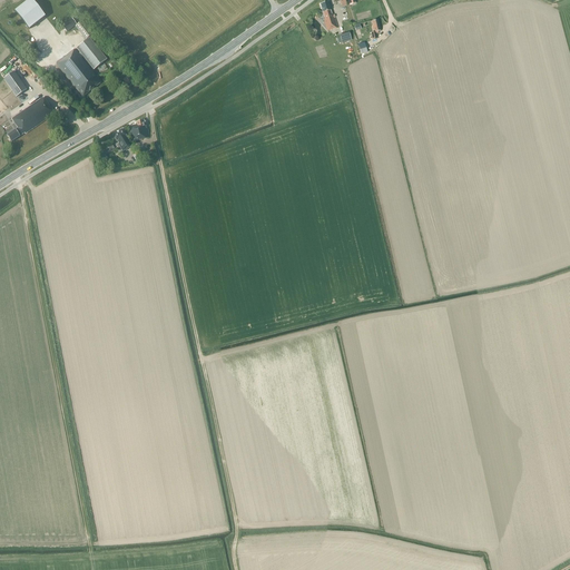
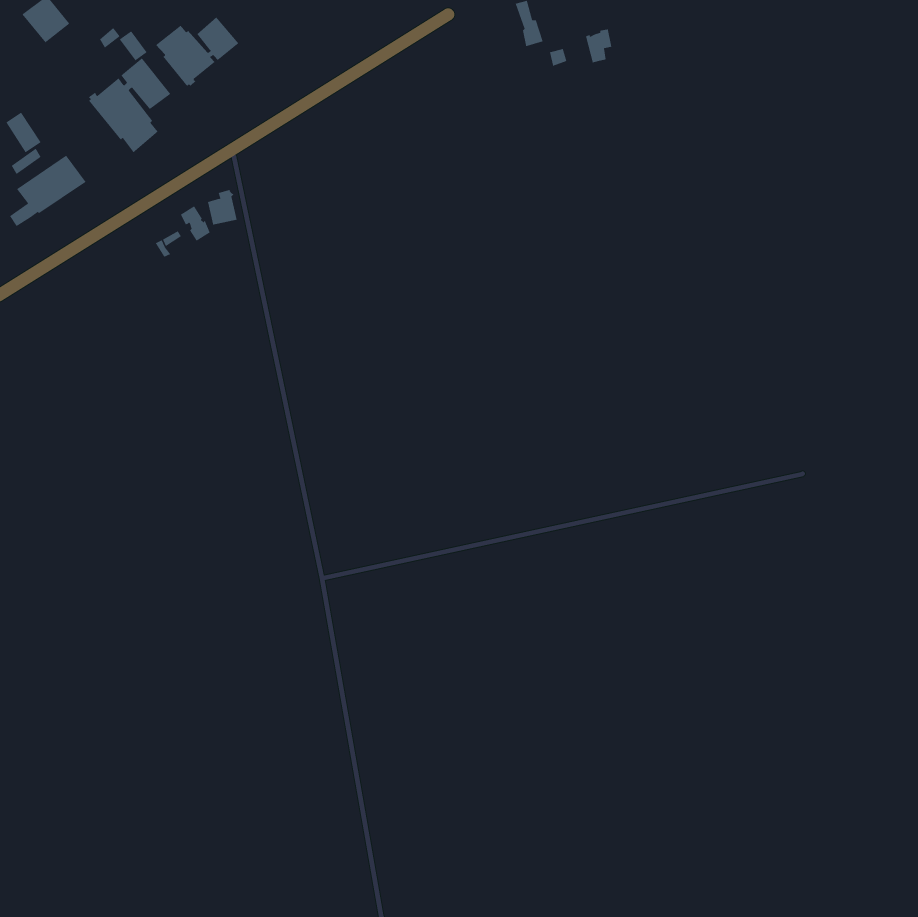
building: none -> [155,17,239,87]

